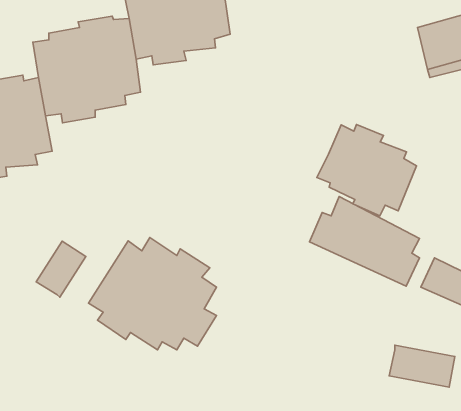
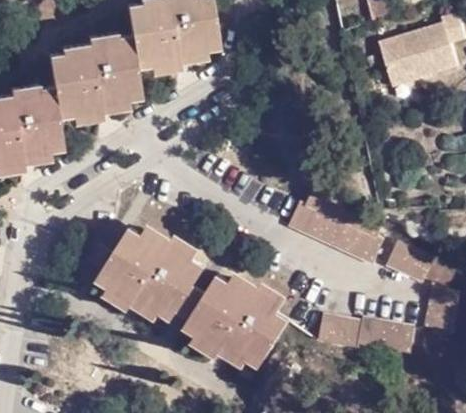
building: [317,124,416,216] -> none
building: [36,241,86,297] -> none
building: none -> [183,273,291,372]
building: none -> [319,317,364,352]

